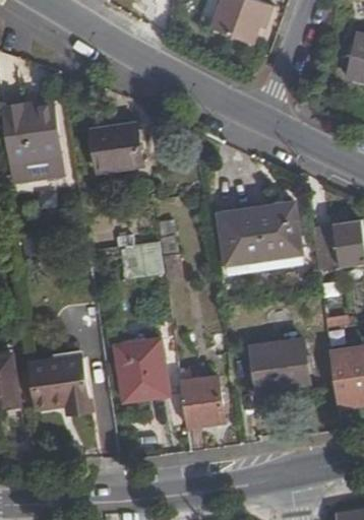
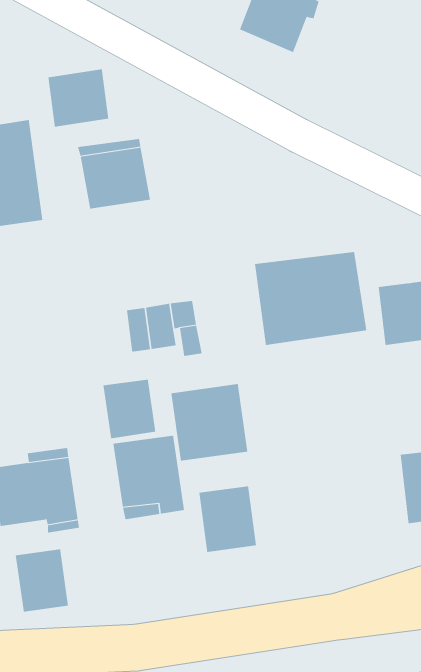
building: none -> [48,68,109,127]
building: none -> [103,379,156,439]
building: [249,334,307,392] -> [170,384,248,461]
building: none -> [15,549,69,613]

